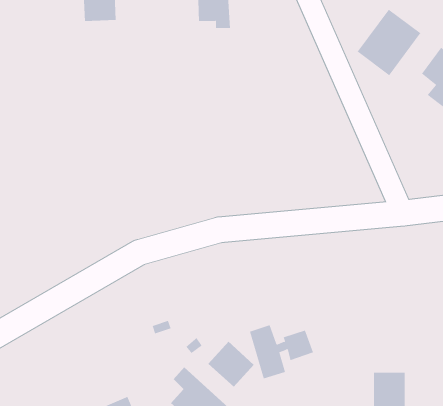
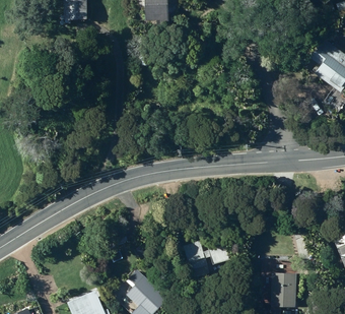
building: [357,9,421,76] -> none
building: [208,341,255,388] -> none

